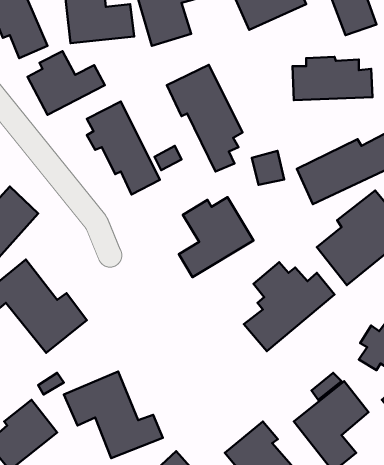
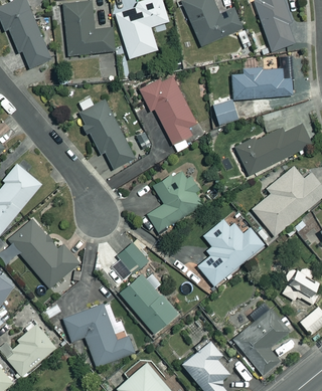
building: [27,51,105,115] -> none
building: [252,151,284,185] -> [213,101,237,126]
building: none -> [118,242,178,333]

